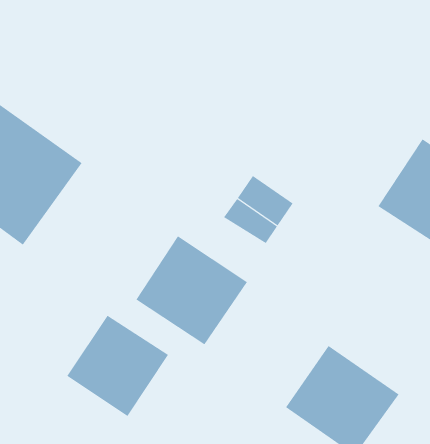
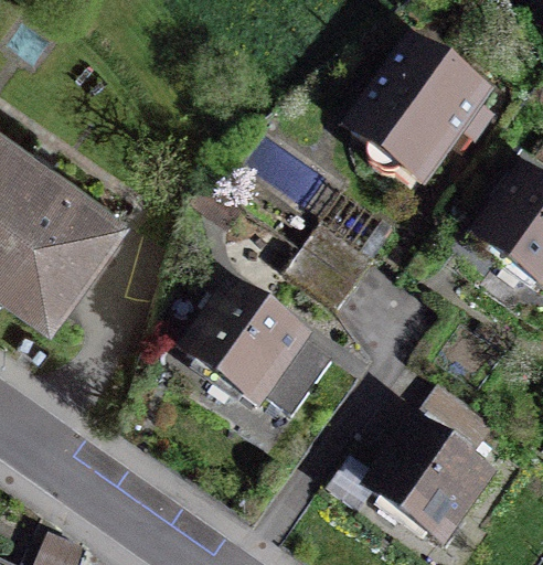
building: none -> [350,35,505,194]
building: [67,315,169,417] -> none

